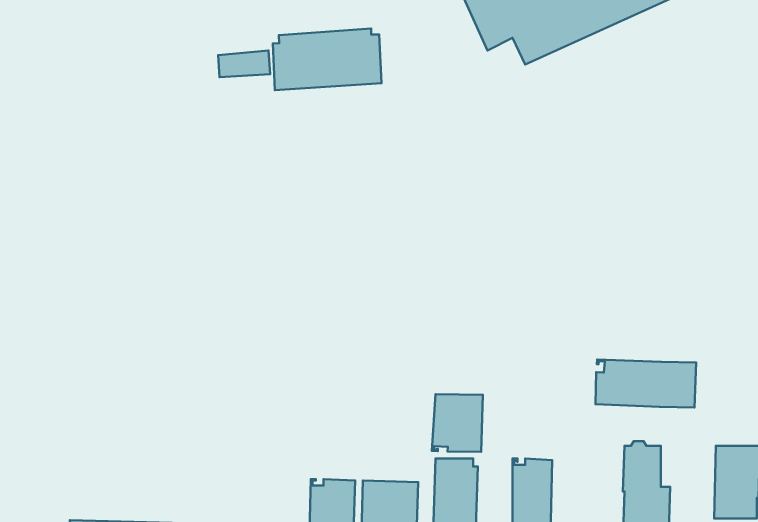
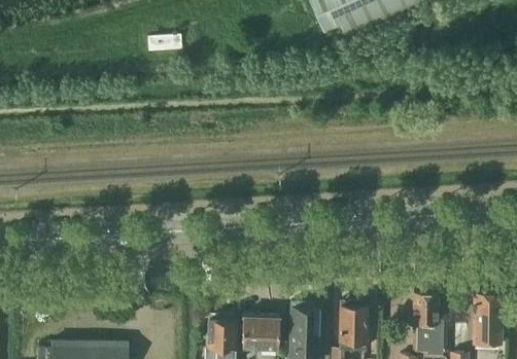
building: [273,28,381,90] -> none
building: [595,359,696,407] -> none
building: [432,394,483,452] -> none

